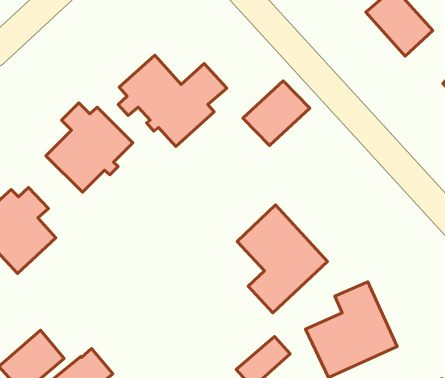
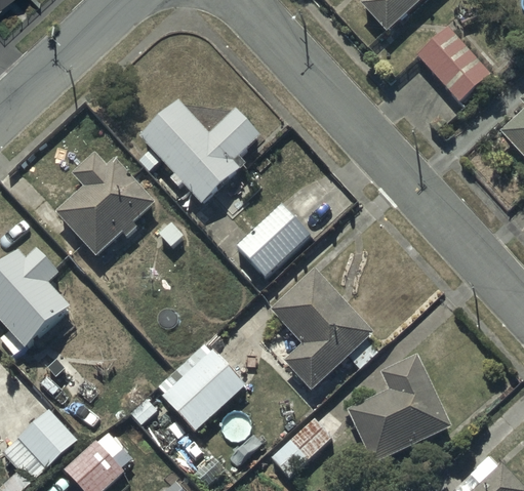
building: [243,81,310,146] -> [236,203,311,276]
building: none -> [158,342,245,431]

